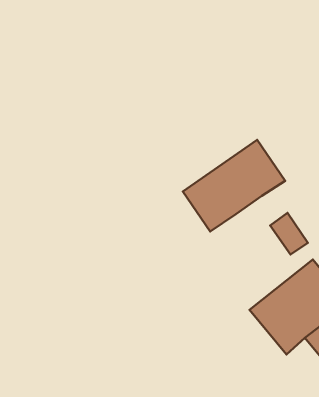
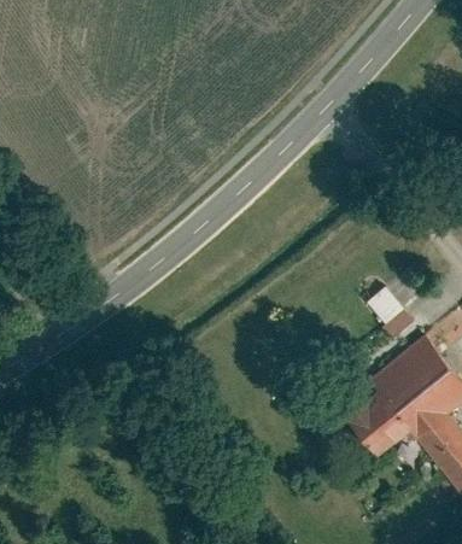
building: [183,140,285,232] -> none

